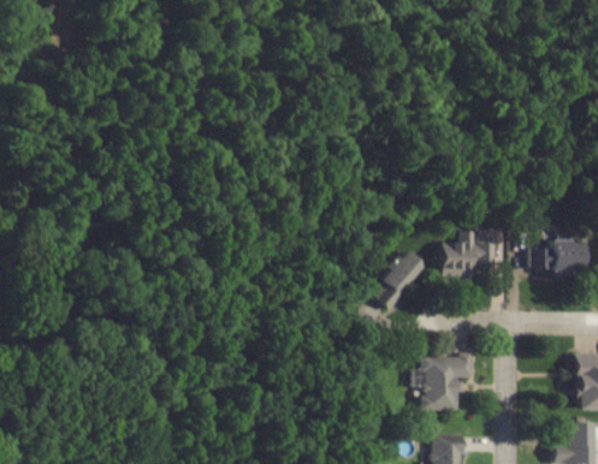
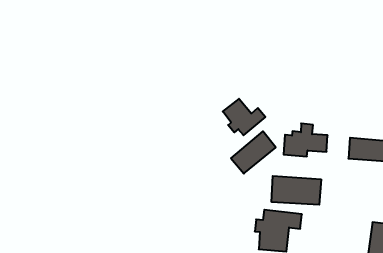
building: none -> [223,99,265,135]
building: none -> [272,176,321,205]

